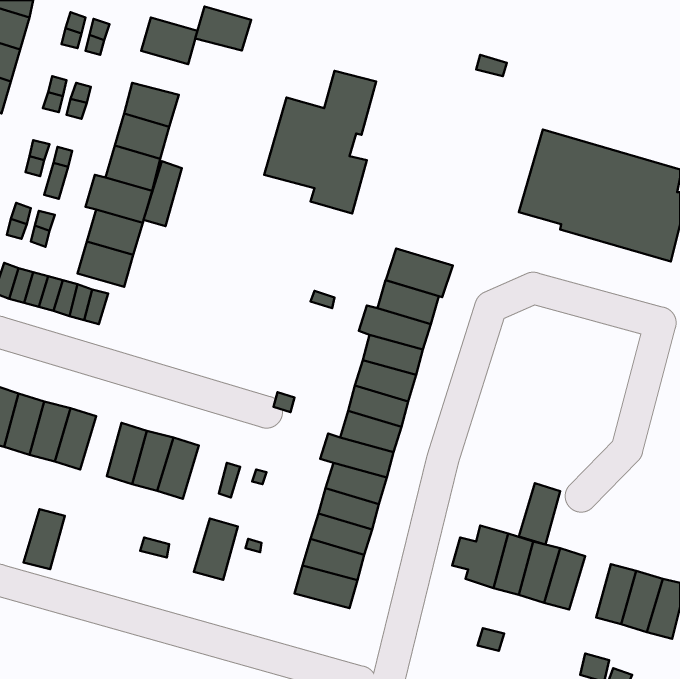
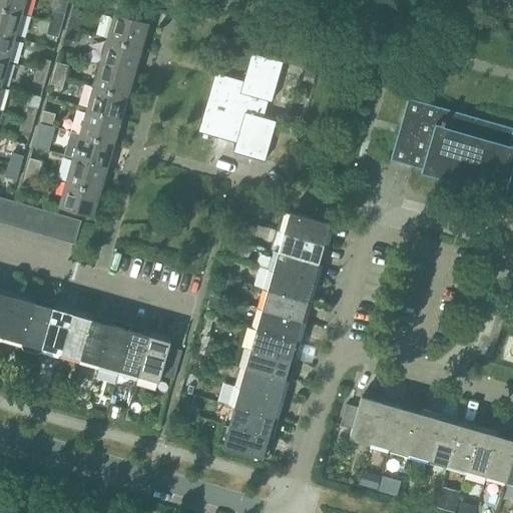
building: [195,6,251,51] -> [99,40,141,73]
building: [144,161,182,226] -> none
building: [386,249,453,297] -> none
building: [519,483,560,545] -> [428,420,459,466]
building: [23,509,65,569] -> [60,315,91,360]
building: [194,519,238,580] -> [137,337,170,383]

